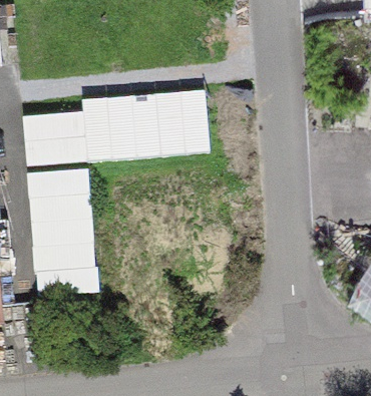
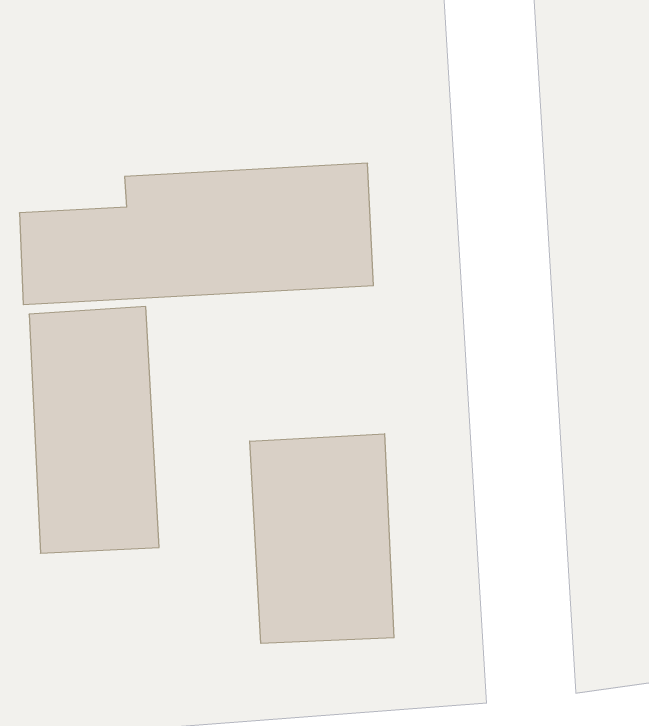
building: none -> [250,434,394,643]

